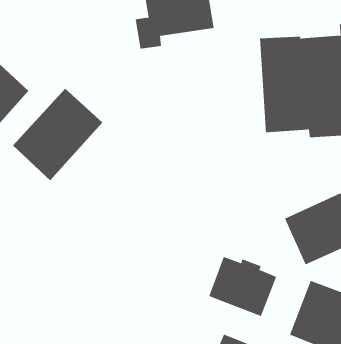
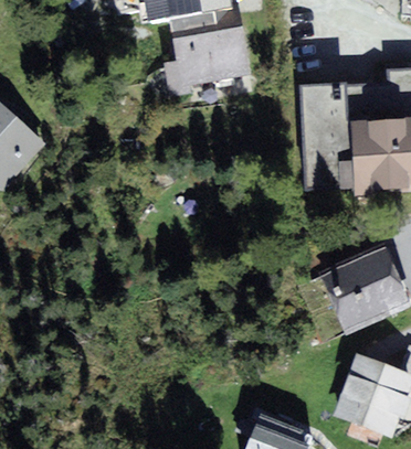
building: [12,88,103,181] -> none
building: [209,256,277,317] -> none

